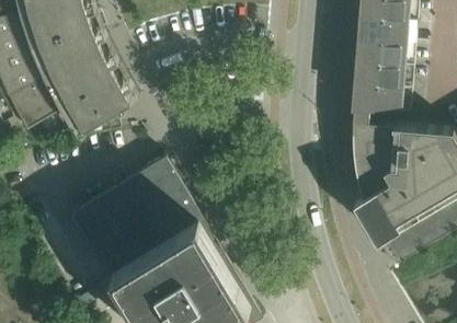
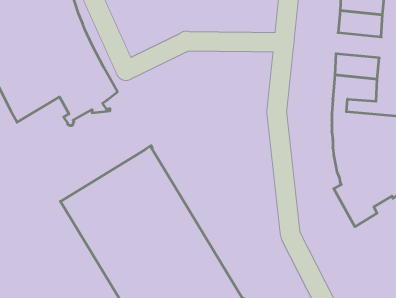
building: [355,42,402,68] -> none

